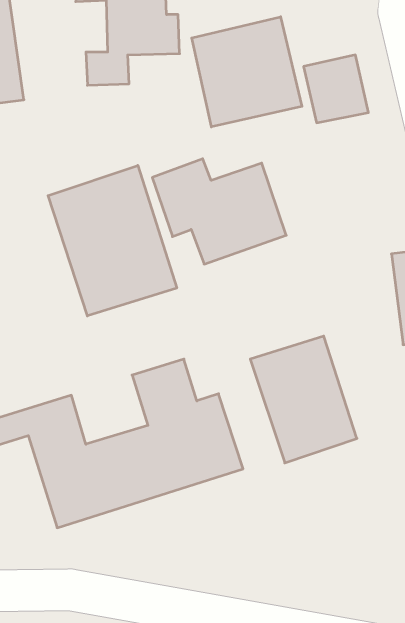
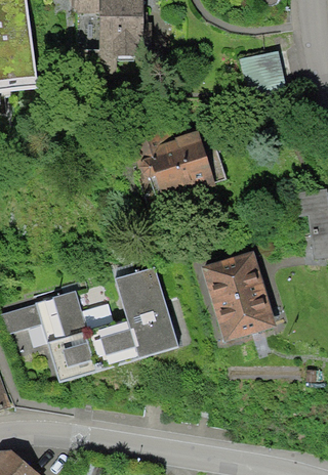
building: [192,17,302,127] -> none
building: [48,165,177,316] -> none

